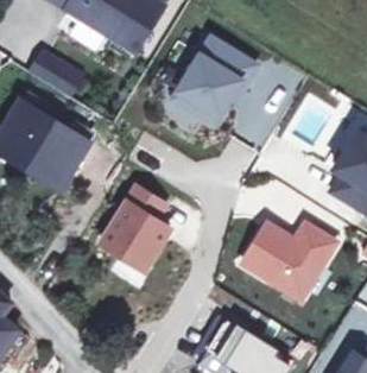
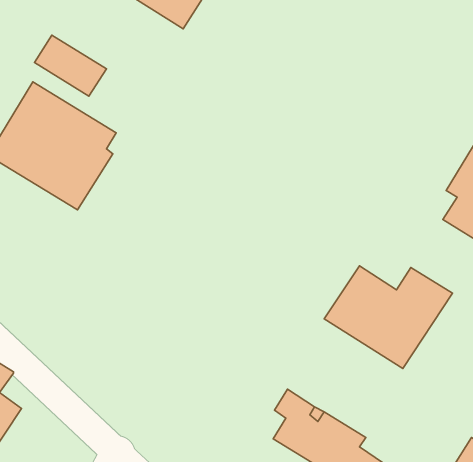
building: [172,37,255,122] -> none
building: [100,185,169,271] -> none

